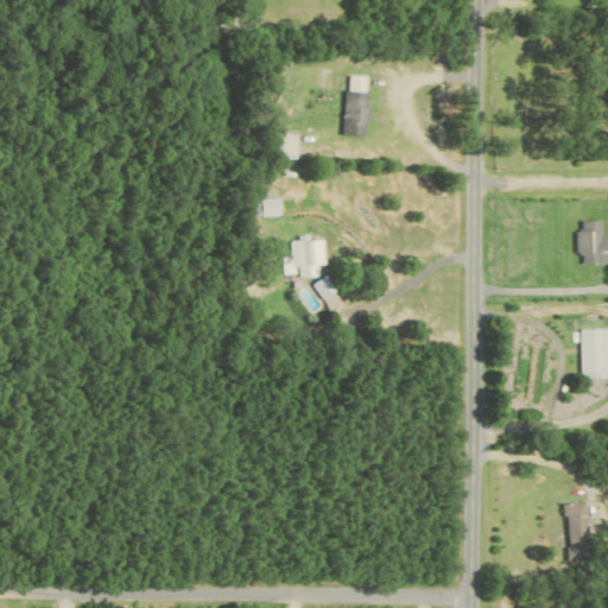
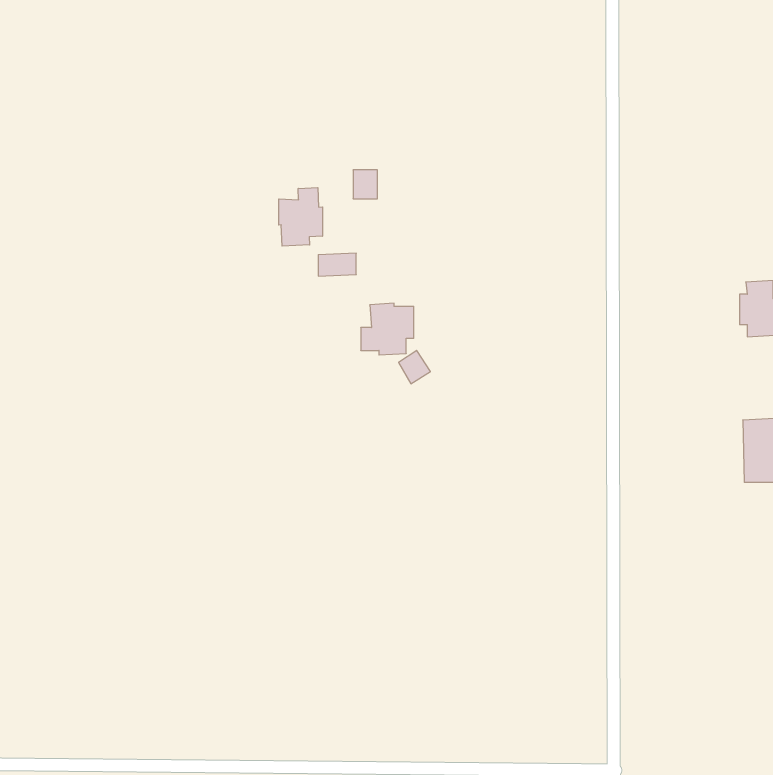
building: [343,90,369,137] -> none
building: none -> [279,188,322,246]
building: [568,502,590,555] -> none

